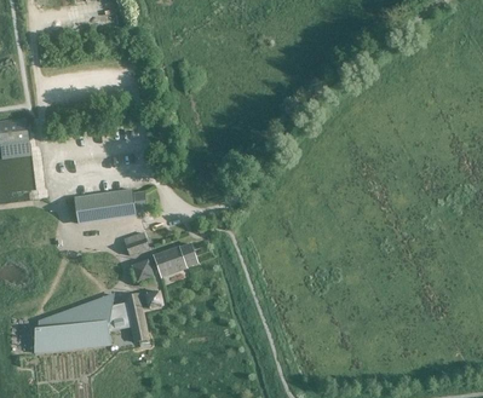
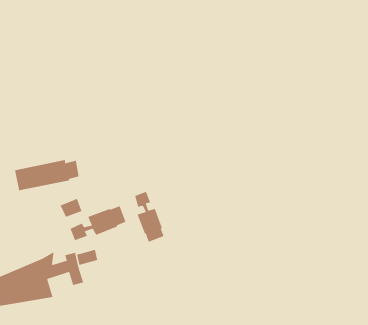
building: none -> [134,191,164,243]

